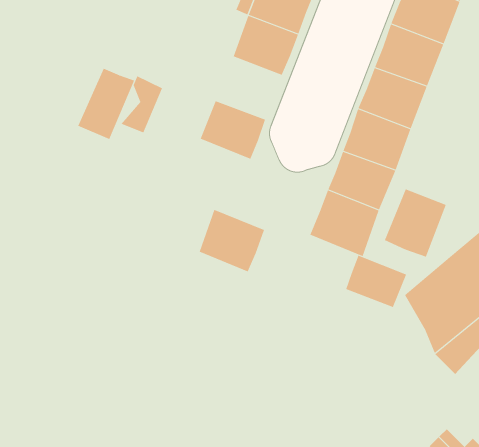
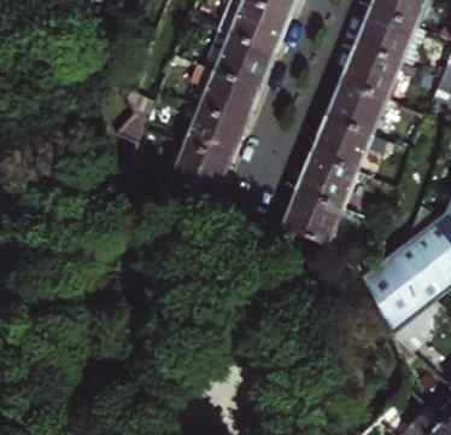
building: none -> [200,68,259,123]
building: [77,68,135,140] -> none
building: [384,188,447,258] -> none
building: [199,209,265,272] -> [174,140,232,196]
building: [345,255,407,308] -> none

